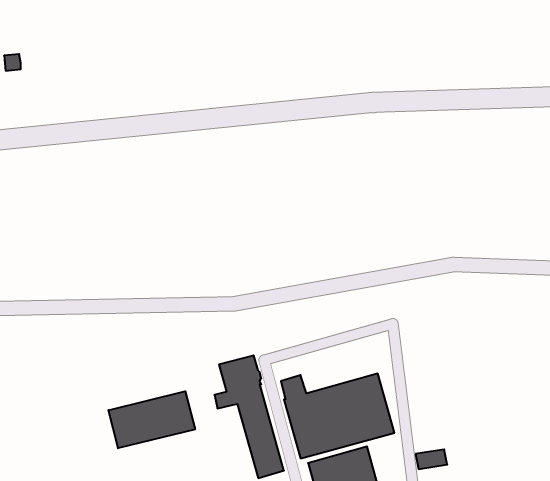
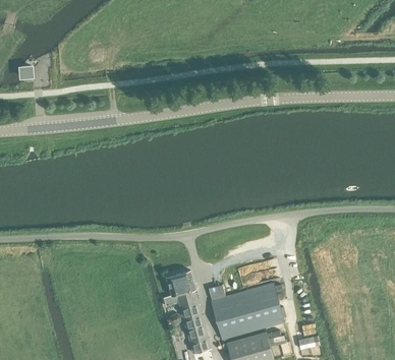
building: [108,391,195,448] -> none

